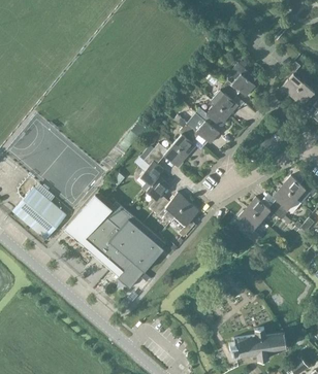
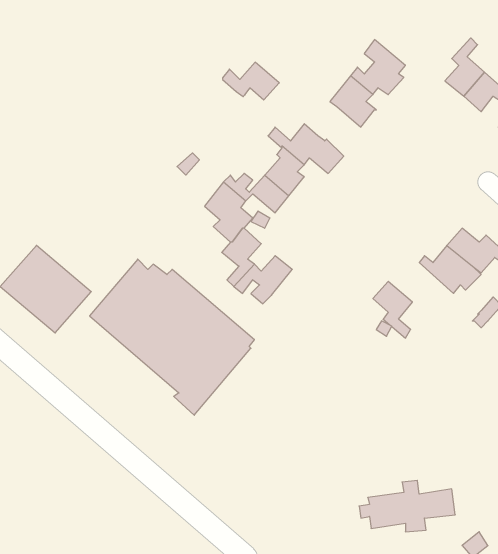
building: [196,103,230,126] -> [223,62,279,100]
building: [247,197,292,226] -> none
building: [177,201,199,237] -> none

